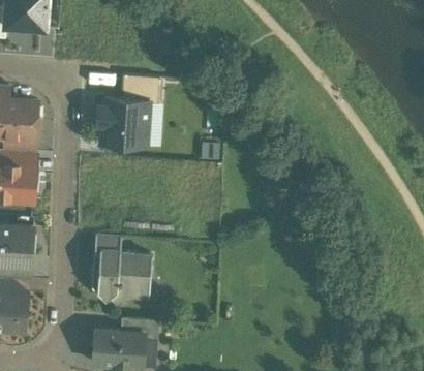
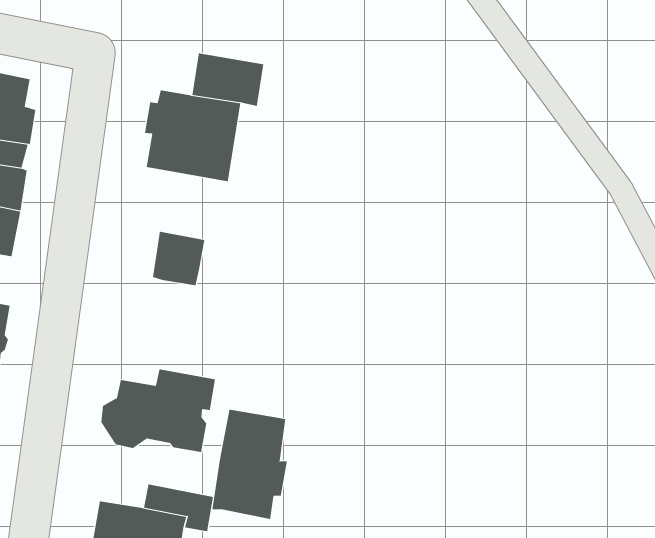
building: [95,236,122,264] -> [152,231,205,286]
building: none -> [212,409,288,520]

